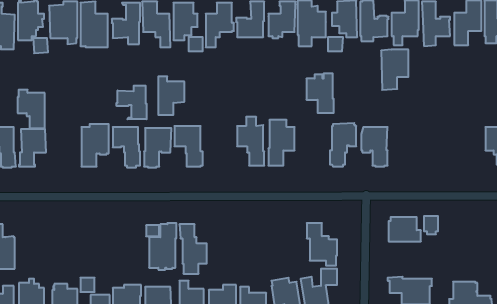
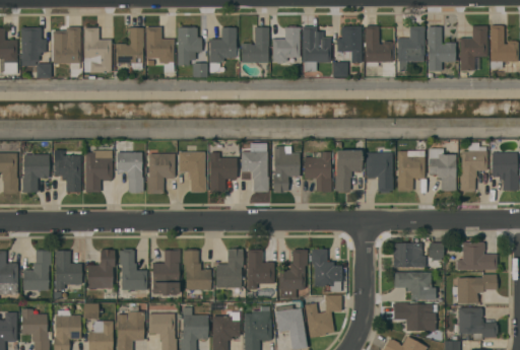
building: [381,50,408,90] -> [396,150,424,191]
building: [306,73,334,113] -> [304,151,331,191]
building: [158,76,184,115] -> [209,152,236,191]
building: [117,86,147,119] -> none
building: [18,90,45,128] -> [53,152,80,191]
building: none -> [459,142,486,192]
building: none -> [428,148,455,190]
building: none -> [457,241,497,269]
building: none -> [22,249,51,290]
building: none -> [87,249,115,288]
building: none -> [119,249,147,289]
building: none -> [215,249,243,287]
building: none -> [247,249,274,289]
building: none -> [279,249,307,297]
building: none -> [55,251,81,289]
building: none -> [393,272,435,299]
building: none -> [452,274,496,301]

